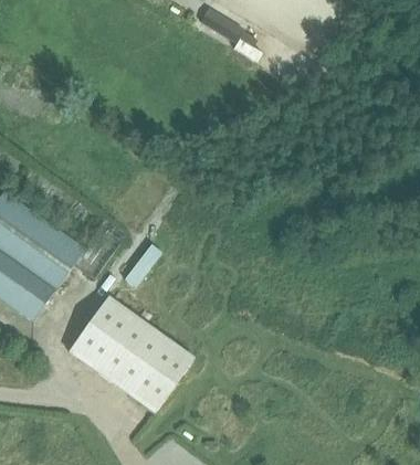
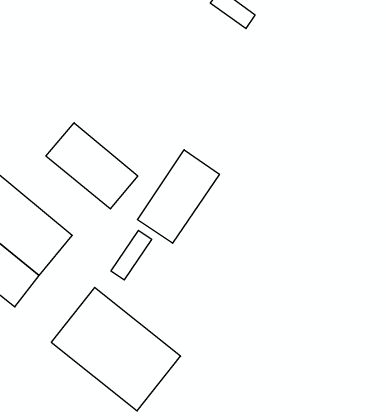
building: none -> [46,123,138,209]
building: none -> [137,150,219,243]

